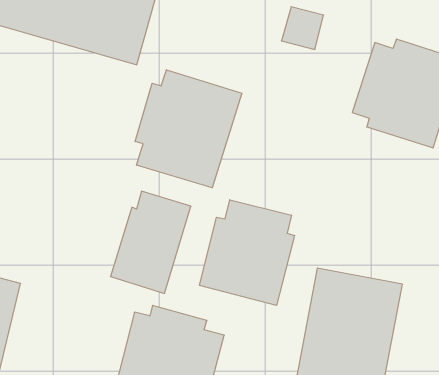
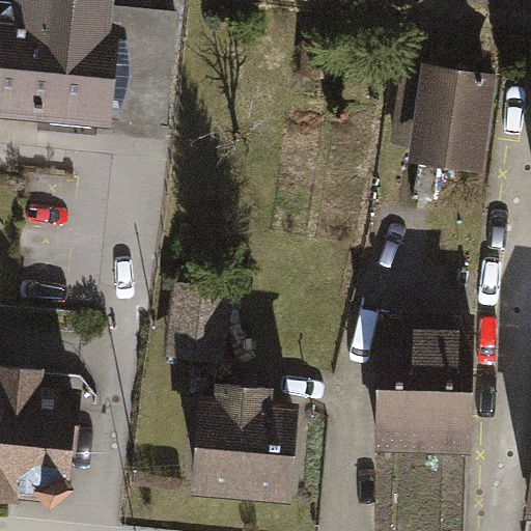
building: [135,70,242,188] -> none
building: [199,200,295,305] -> none

